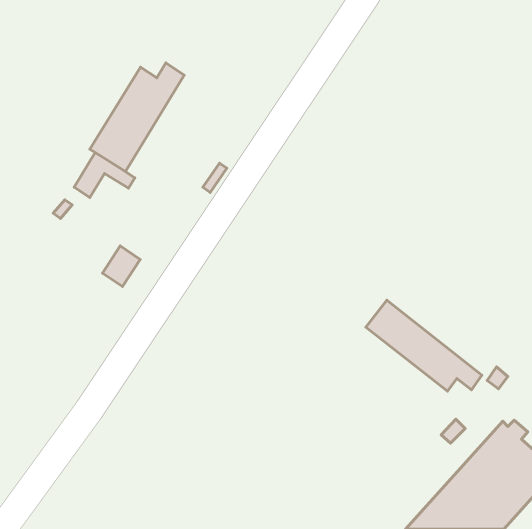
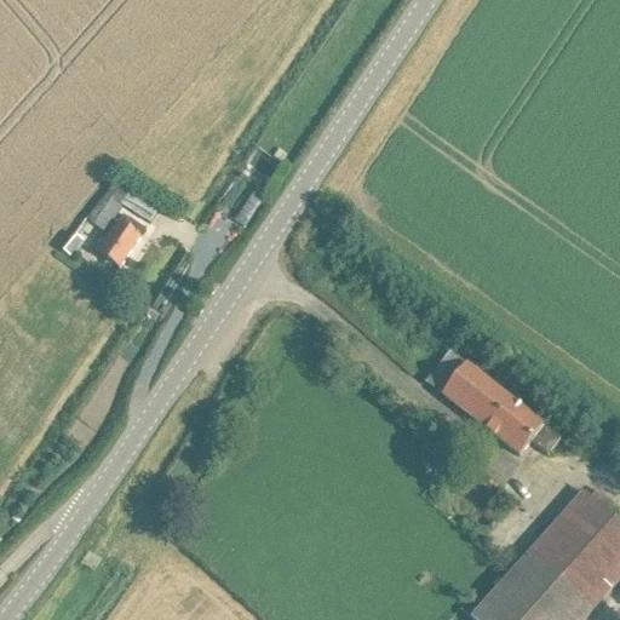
building: [90,63,184,172] -> none
building: [103,246,140,287] -> [98,218,142,265]

